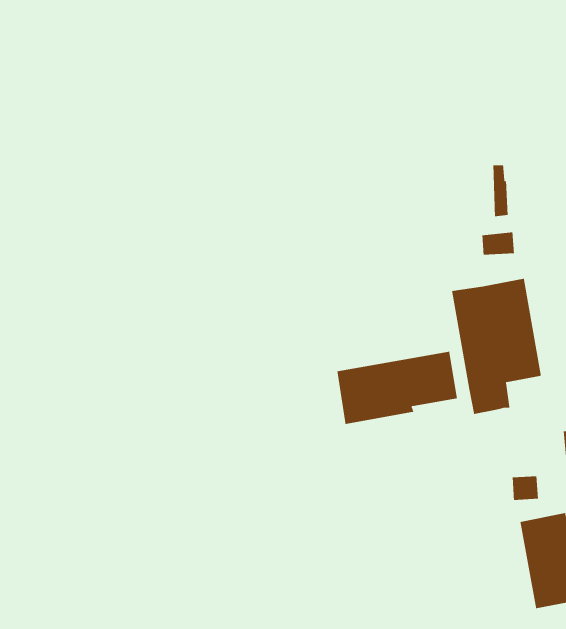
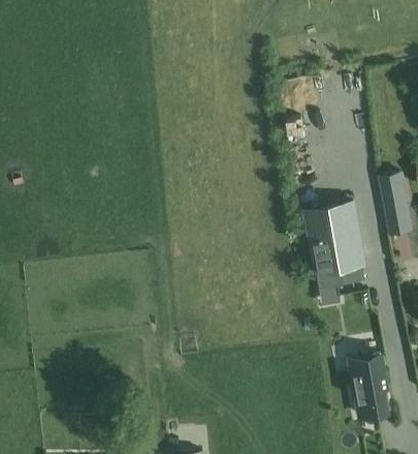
building: [337,351,458,425] -> none

